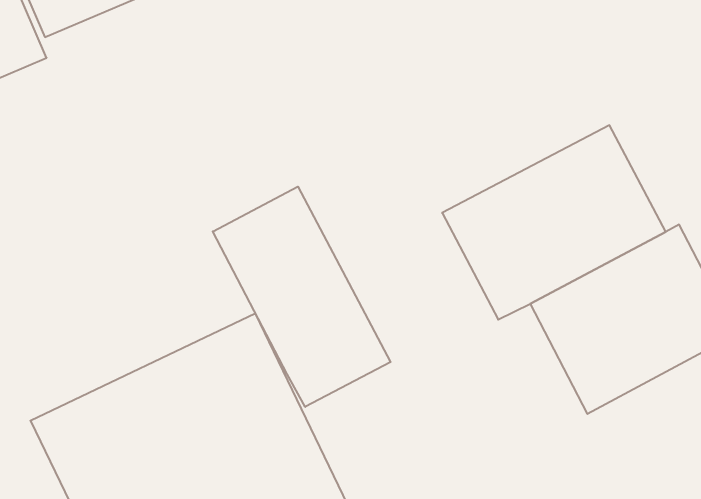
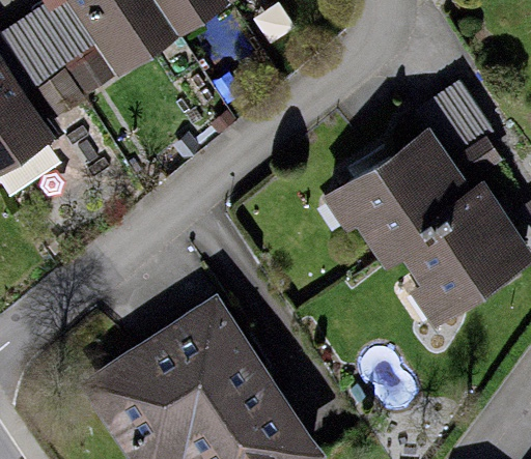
building: [213,187,391,407] -> none

